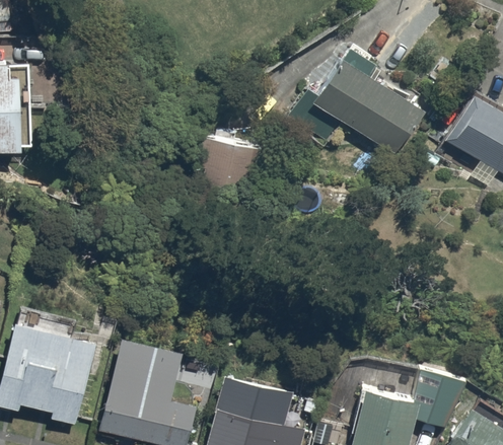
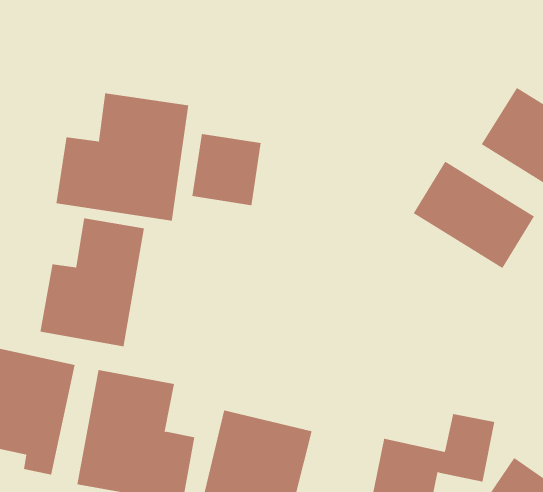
building: [317,60,422,152] -> [413,161,535,269]
building: none -> [56,92,189,222]
building: none -> [40,218,144,347]

